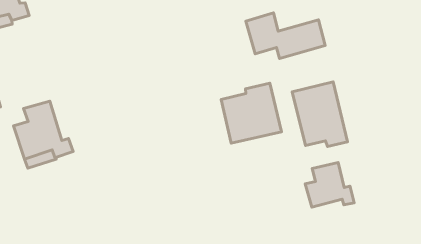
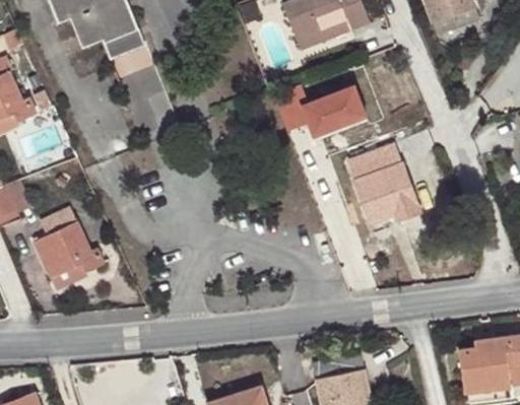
building: [221,83,281,143] -> none
building: [305,162,354,207] -> none

